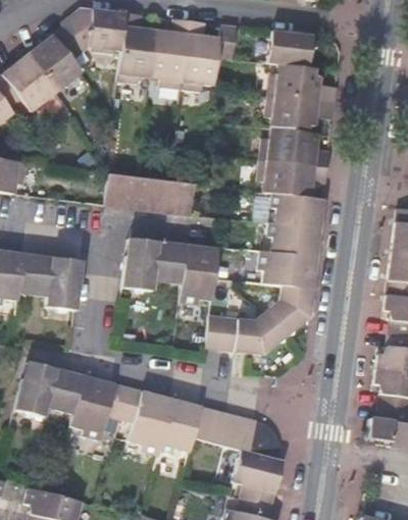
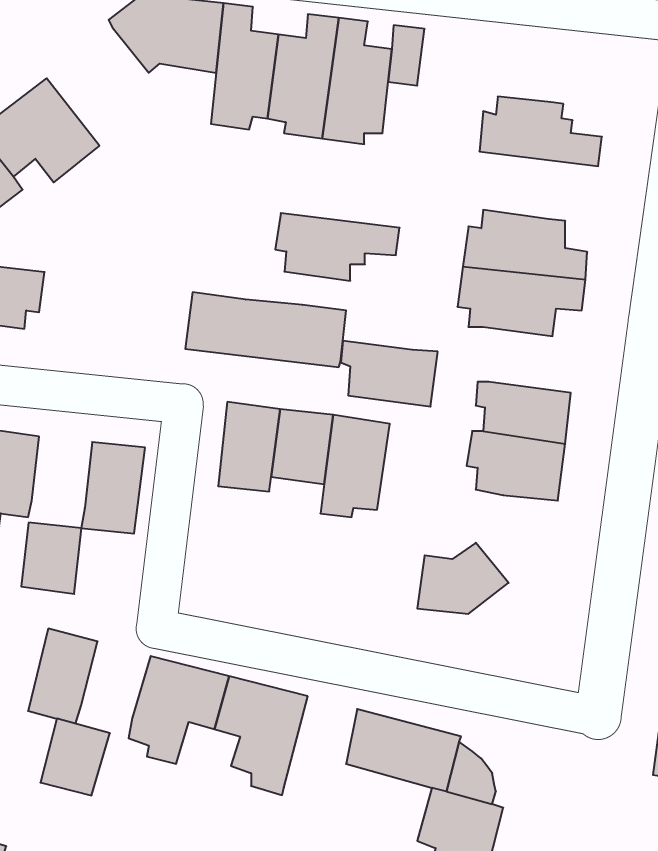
building: [28,25,85,92] -> none
building: [267,31,313,67] -> none
building: [266,95,336,133] -> [275,213,400,281]
building: [270,193,324,229] -> [341,341,438,407]
building: [19,254,53,294] -> [21,523,82,594]
building: [267,287,313,335] -> none
building: [206,316,239,350] -> none
building: [47,368,86,411] -> [40,719,110,795]
building: [160,399,201,453] -> none

